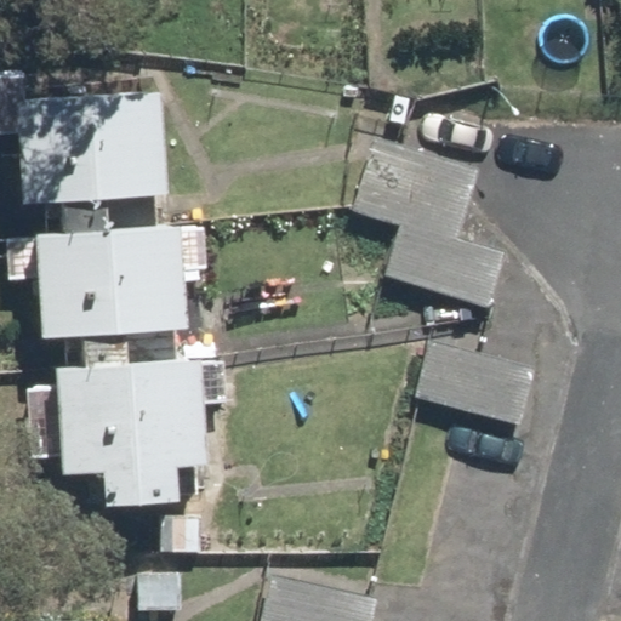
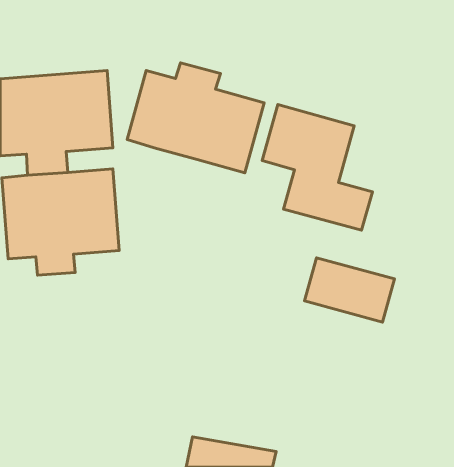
building: none -> [127,63,264,173]
building: [42,355,194,509] -> none

